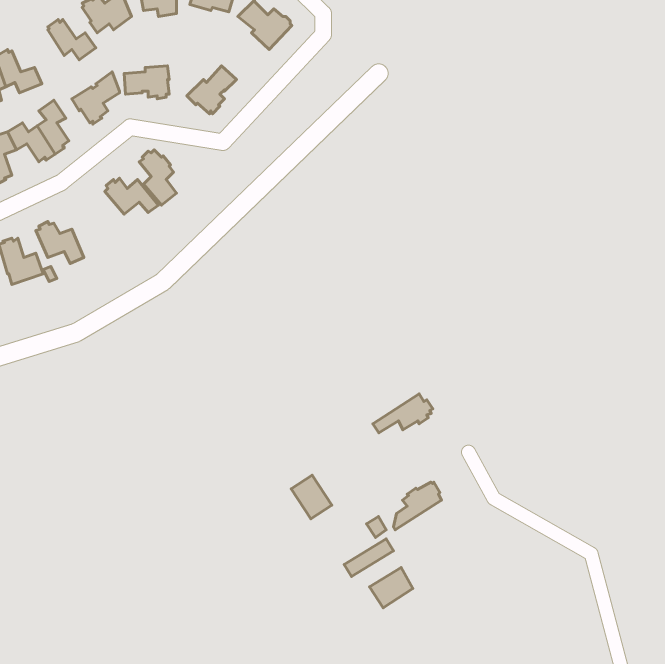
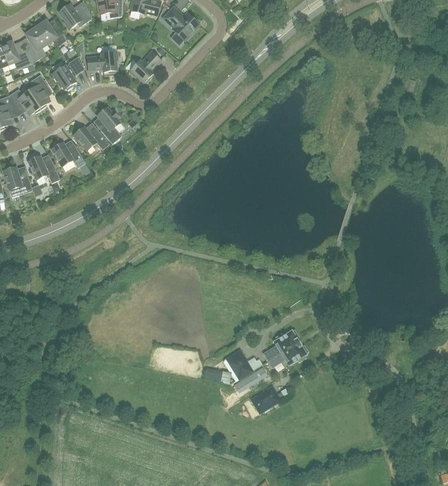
building: none -> [25,26,46,62]
building: none -> [51,141,85,167]
building: [373,394,433,433] -> [267,340,307,366]
building: [291,475,332,519] -> [225,349,252,378]

